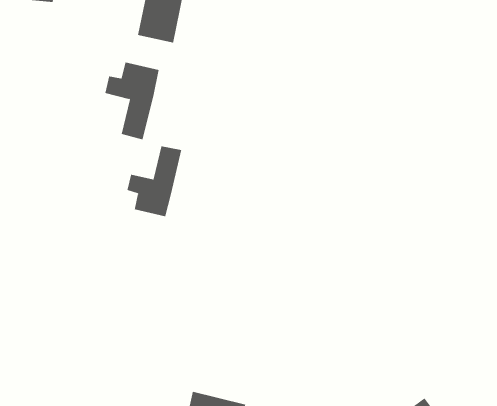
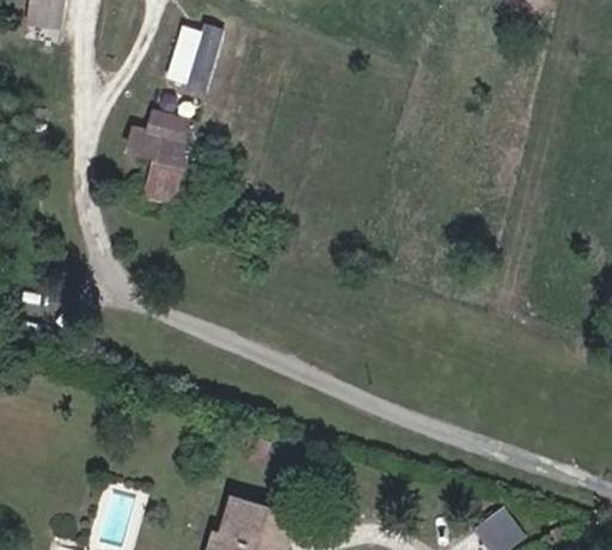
building: [127,145,182,217] -> none

